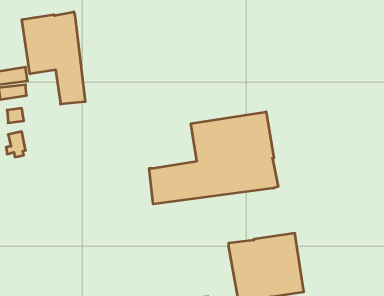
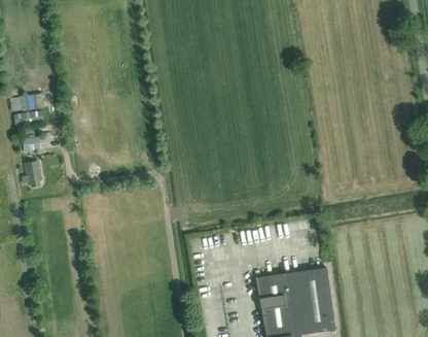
building: [22,12,85,104] -> none
building: [149,112,278,204] -> none

